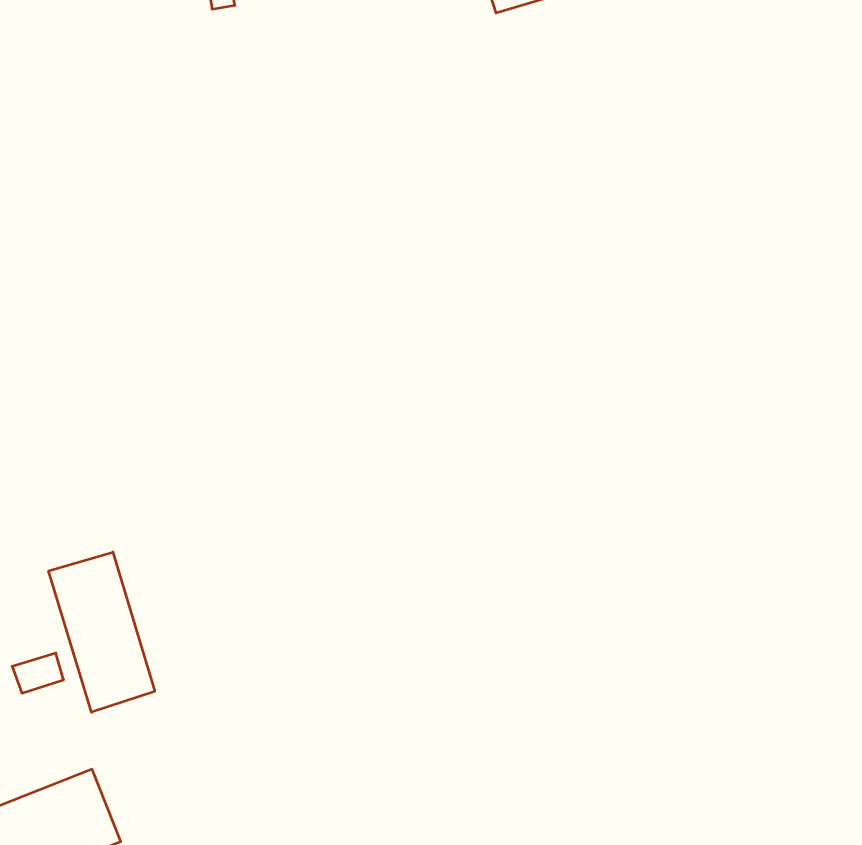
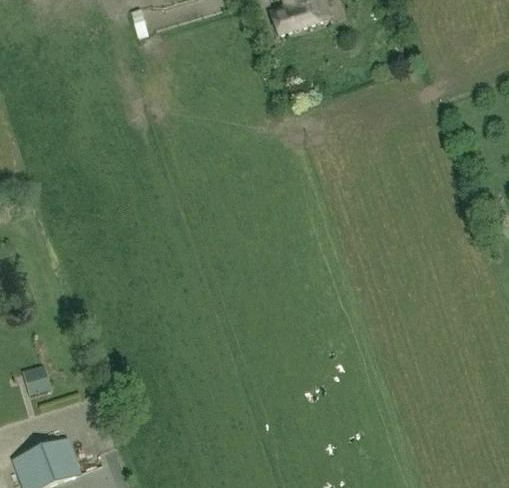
building: [49,552,155,712] -> none

